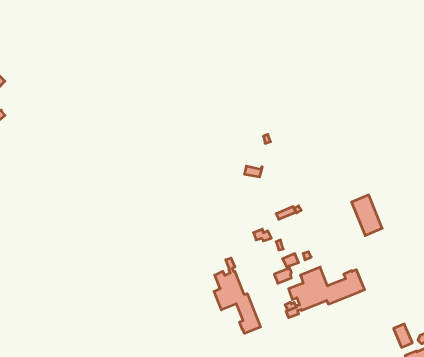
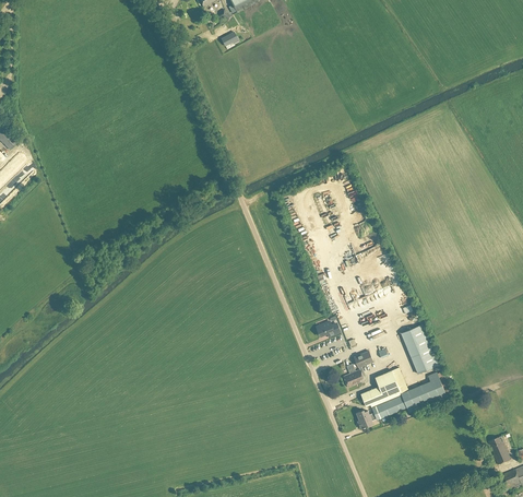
building: [352,195,382,236] -> [400,324,437,374]
building: [214,258,261,333] -> none

